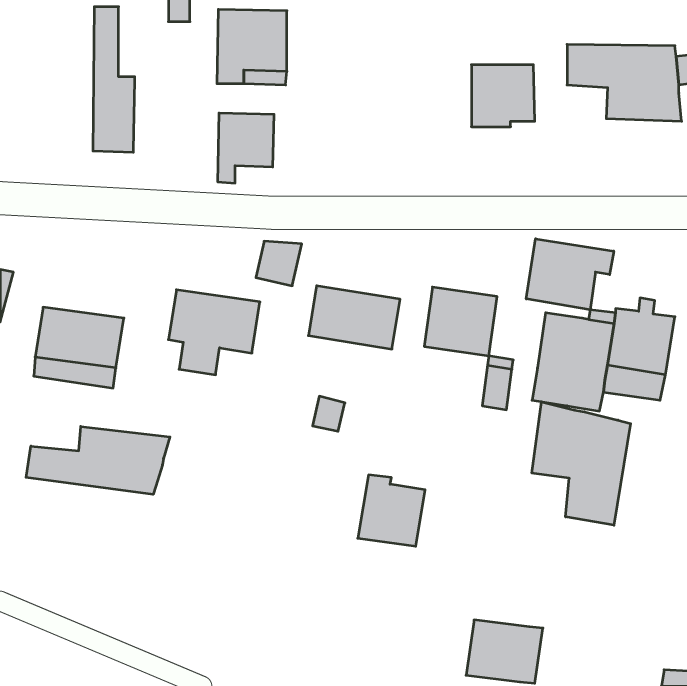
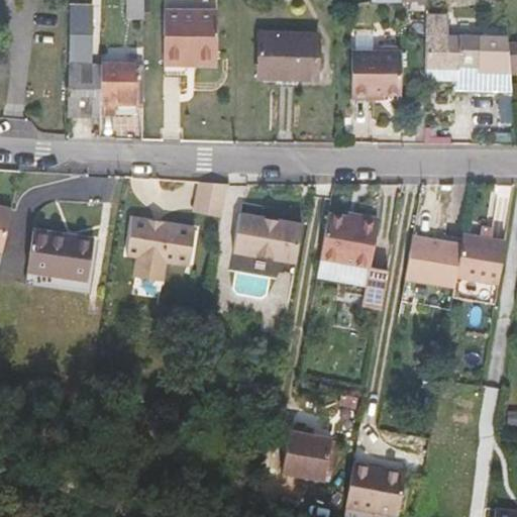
building: none -> [260,32,318,78]
building: [218,113,274,183] -> [101,61,143,113]
building: [526,239,614,310] -> none
building: [532,402,631,525] -> none
building: [26,426,170,494] -> none
building: [358,475,425,546] -> [284,432,334,486]

